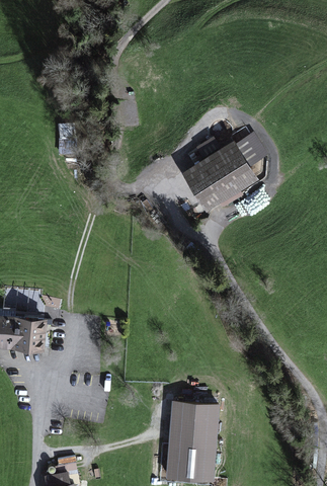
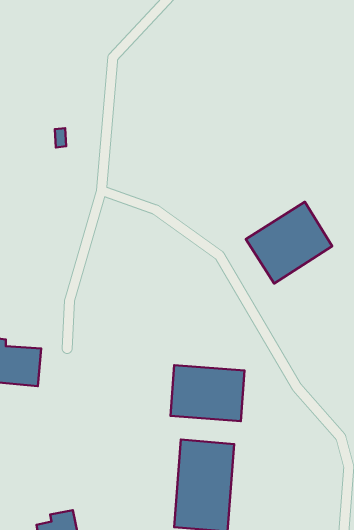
building: [182,140,259,213] -> [246,202,332,284]
building: none -> [170,365,245,421]

